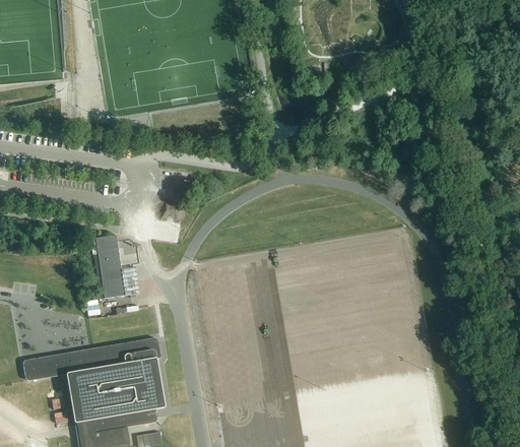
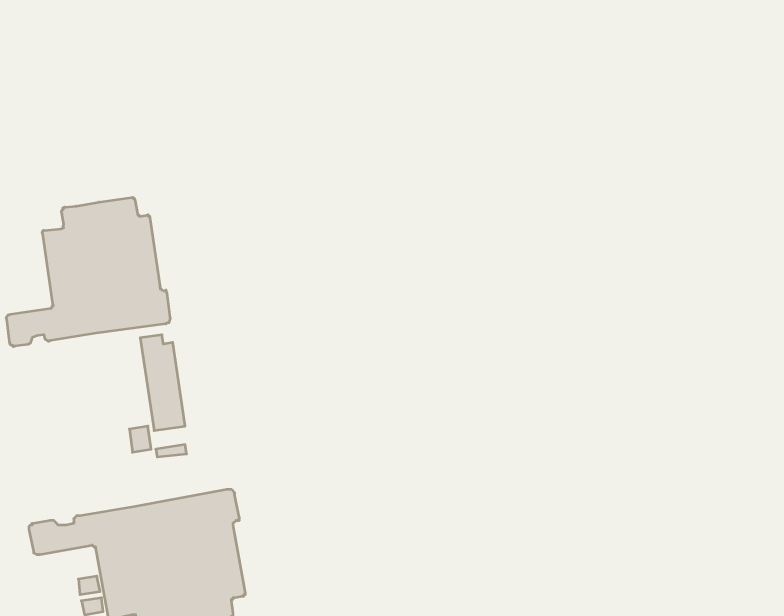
building: none -> [6,197,170,347]

